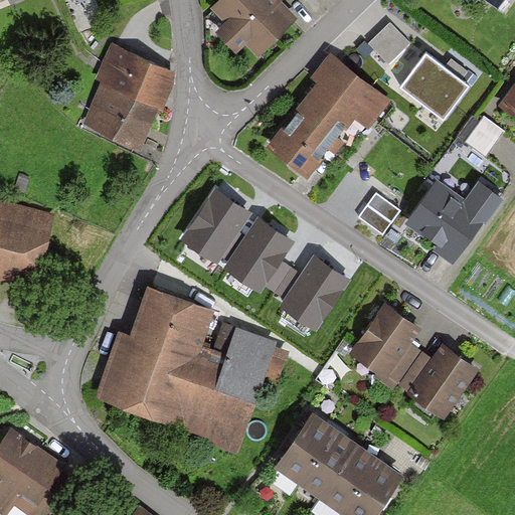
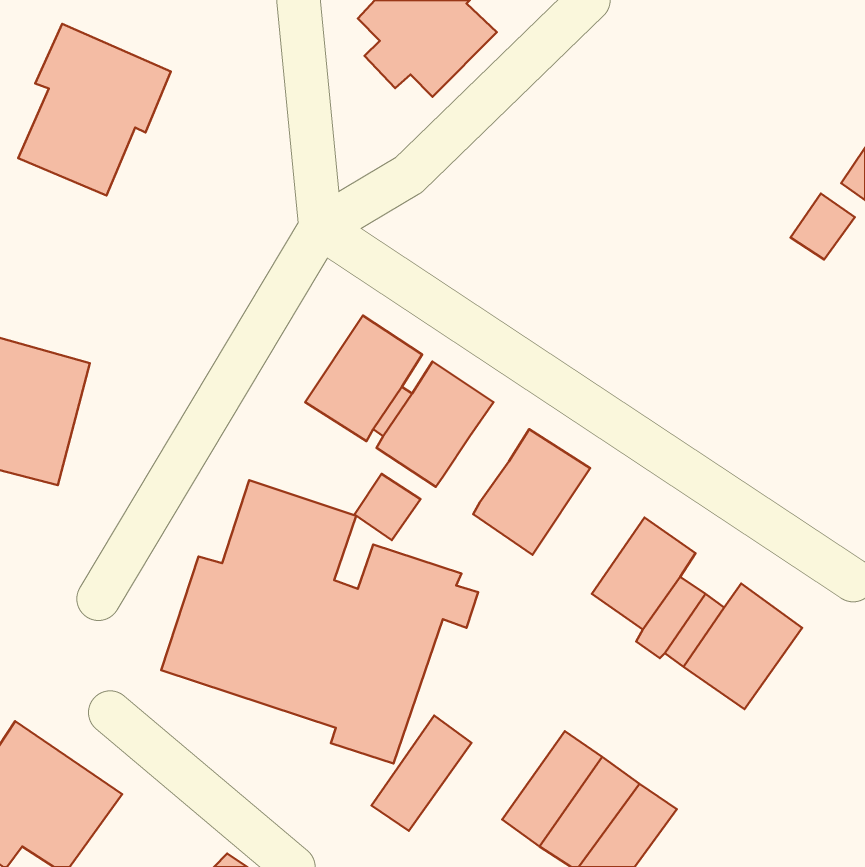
building: [368,21,409,63] -> none
building: [82,44,173,146] -> [18,24,171,195]
building: [400,51,468,117] -> none
building: [268,54,386,174] -> none
building: [407,182,497,261] -> none
building: [358,192,399,232] -> none
building: [263,259,302,298] -> [354,474,421,540]
building: [276,417,335,486] -> [371,716,472,831]

